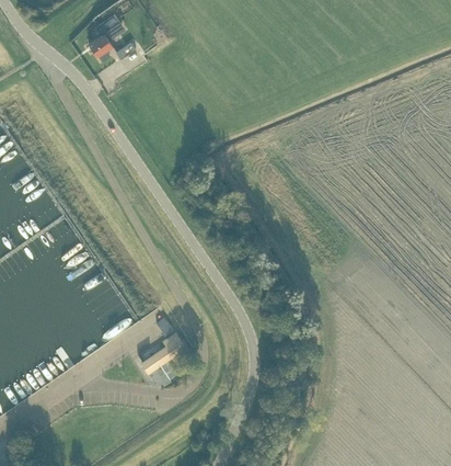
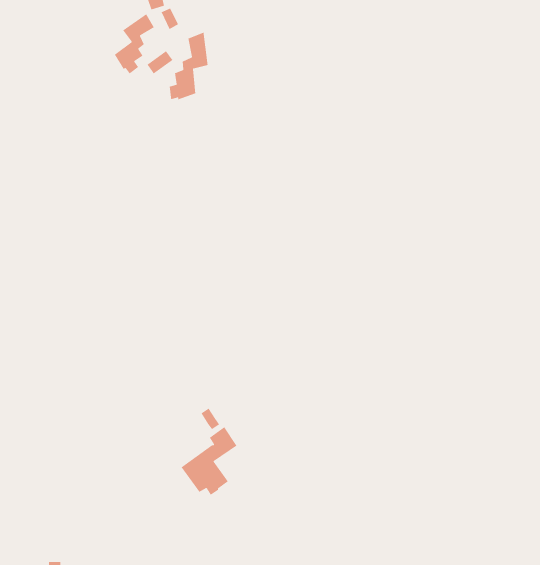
building: none -> [169,32,208,101]

